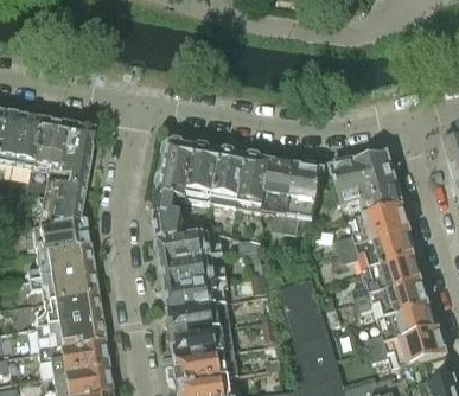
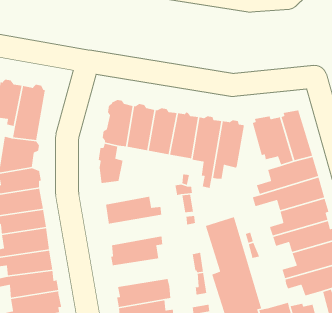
building: [157,230,224,262] -> none
building: [165,275,230,309] -> none
building: [170,326,235,358] -> none

